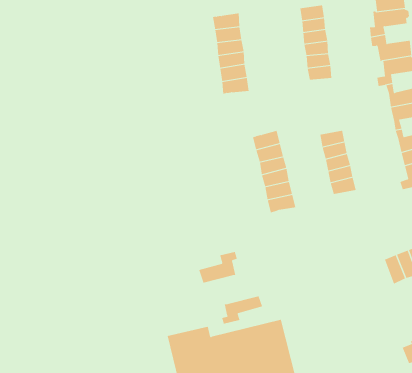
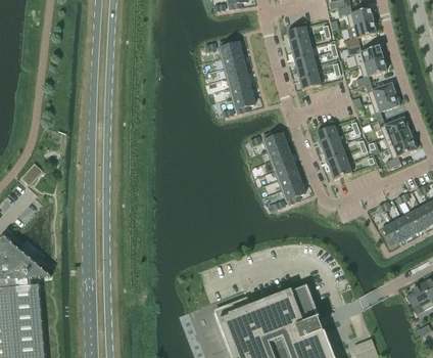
building: [199,251,238,284] -> none
building: [222,295,263,324] -> none

